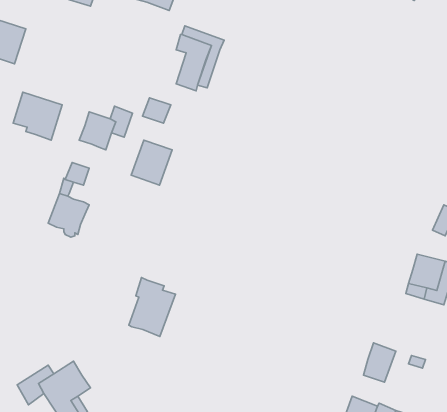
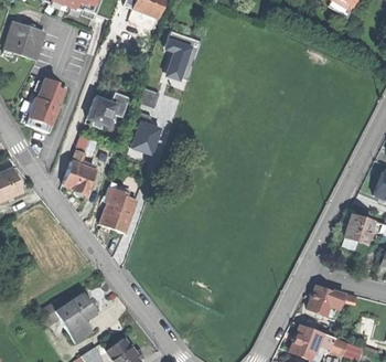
building: [129,277,175,337] -> [99,190,136,236]

